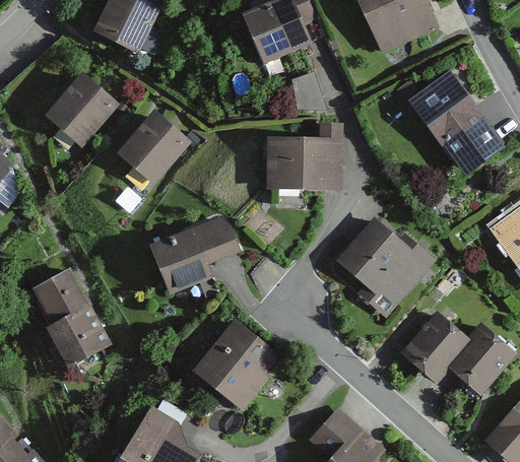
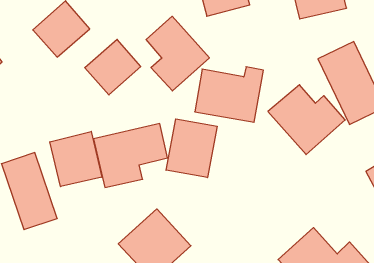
building: none -> [146,16,209,91]
building: none -> [166,119,217,178]
building: [340,222,439,309] -> [268,85,345,155]
building: none -> [50,131,102,187]

